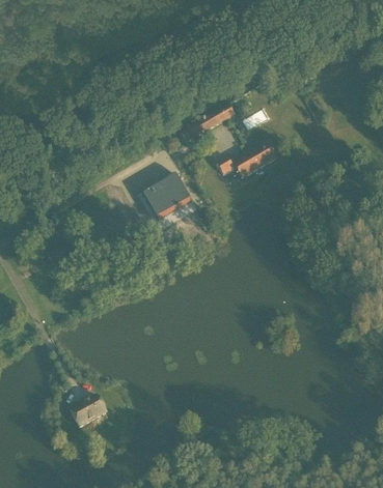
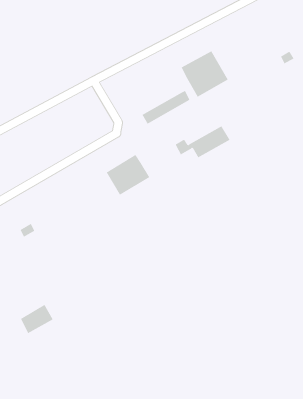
building: none -> [181,50,229,98]
building: [72,395,108,427] -> [20,304,54,334]

